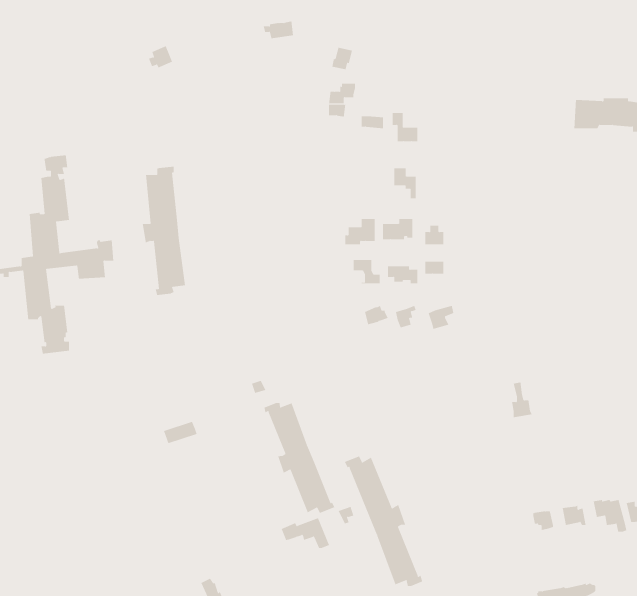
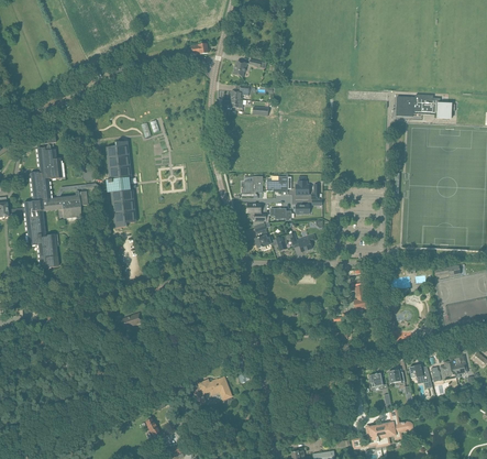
building: [264,402,335,514] -> none
building: [344,455,423,587] -> none

